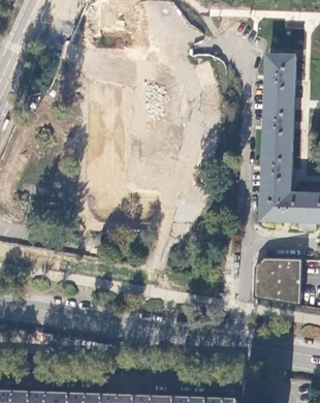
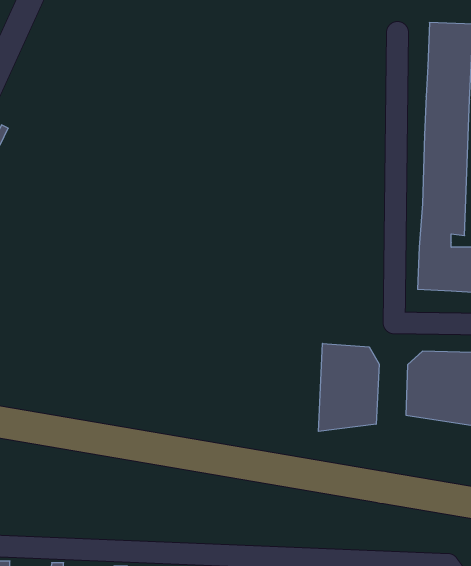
building: none -> [319,343,379,431]

